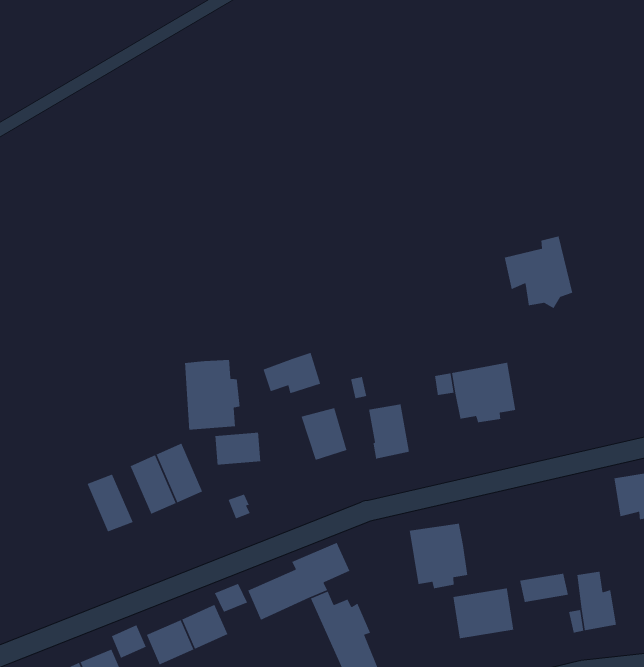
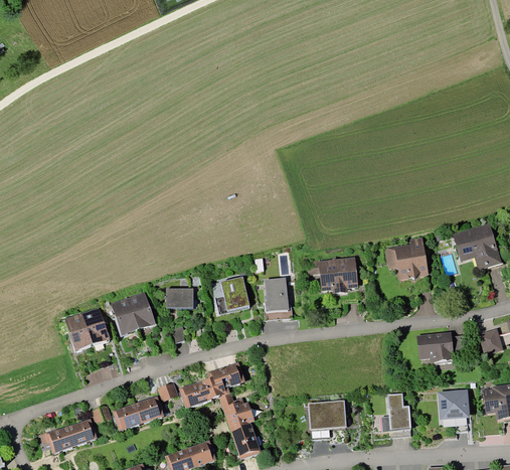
building: [504,235,573,309] -> [385,238,428,284]
building: [262,352,321,394] -> none
building: [184,359,240,431] -> none
building: none -> [63,313,93,351]
building: [409,523,468,589] -> none
building: [519,573,569,603] -> none

